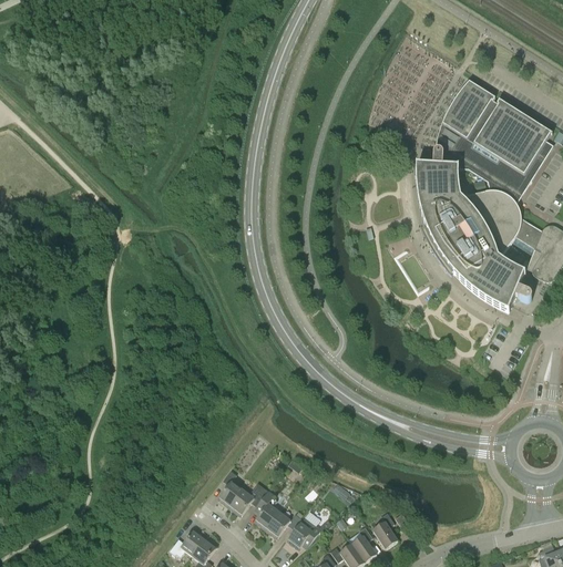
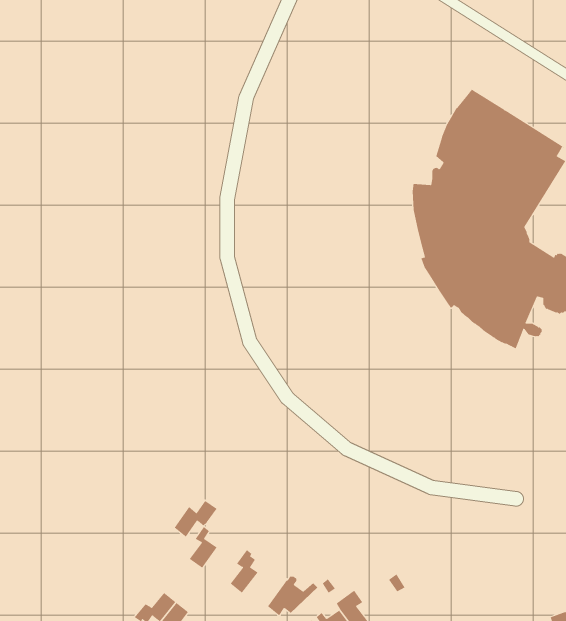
building: [228,482,267,515] -> [174,500,217,537]
building: [264,509,299,537] -> none
building: [371,511,397,547] -> none

